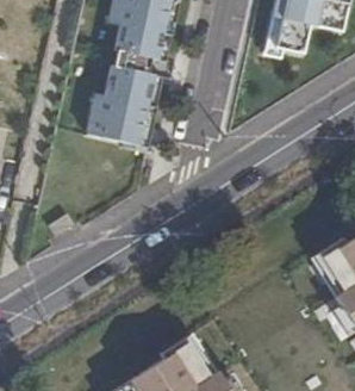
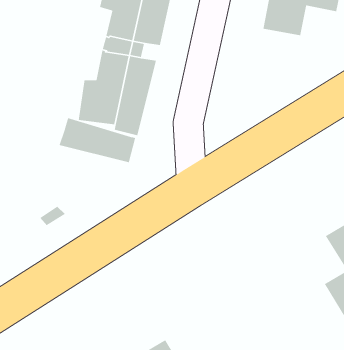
building: none -> [58,117,136,163]

